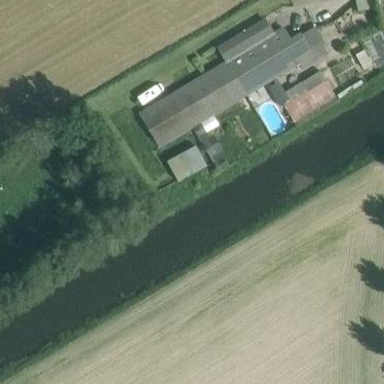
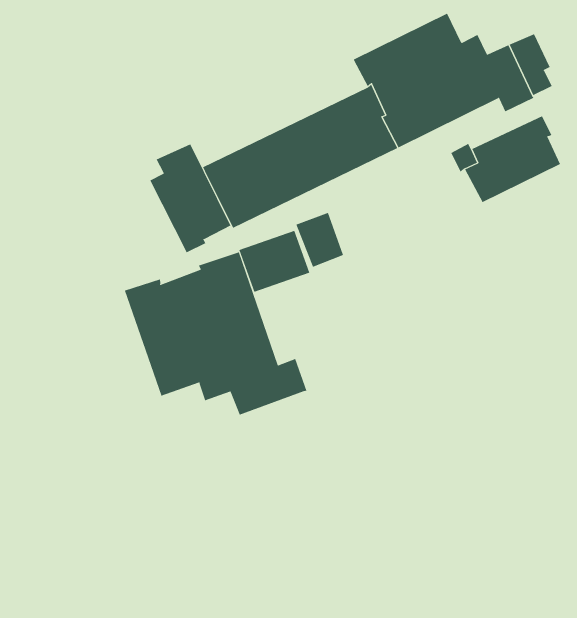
building: none -> [150,144,231,253]
building: none -> [124,252,307,416]

